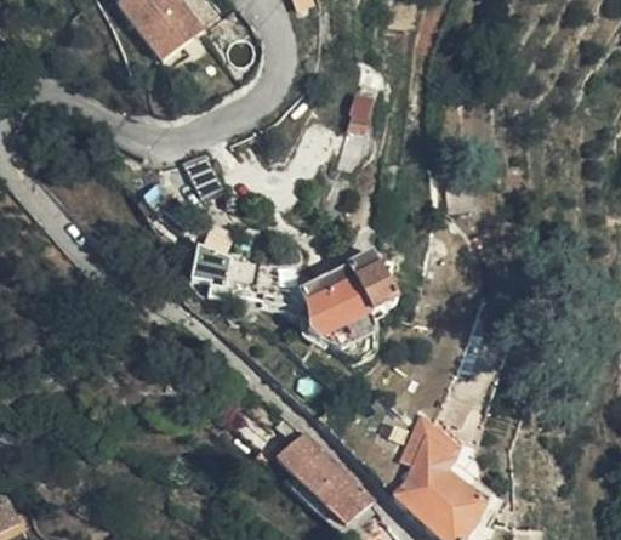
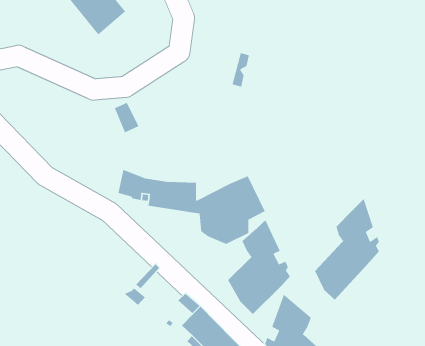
building: none -> [314,198,380,301]
building: none -> [227,219,291,315]

